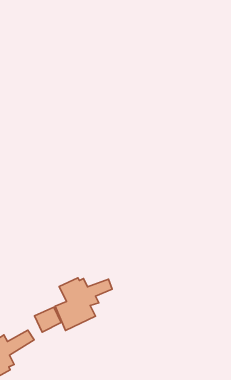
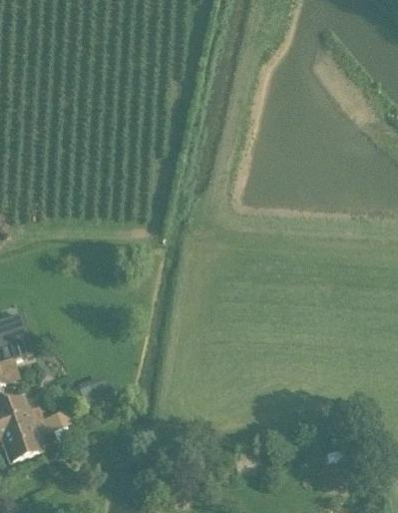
building: [55,278,112,330] -> none

